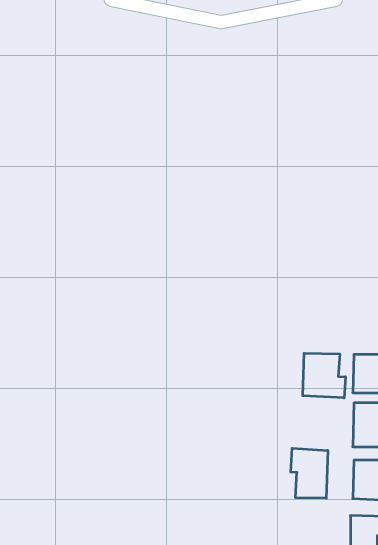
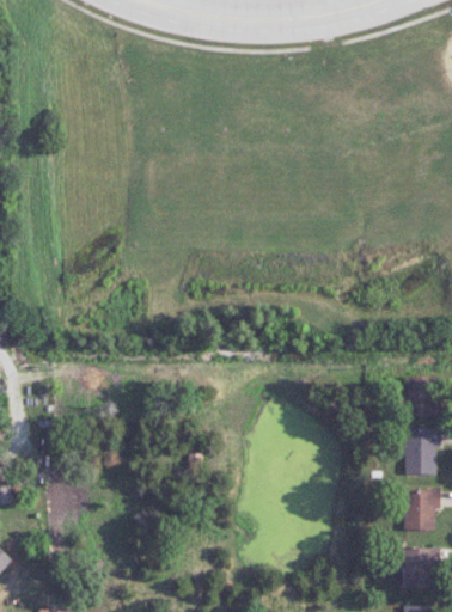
building: [303,353,345,398] -> none
building: [291,448,328,498] -> none

